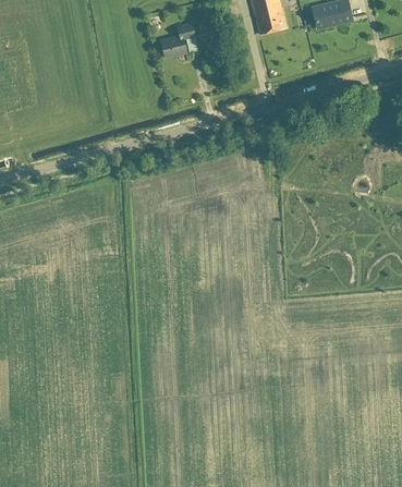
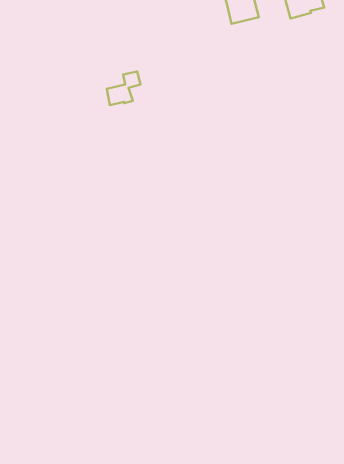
building: [161,23,195,57] -> [107,71,141,105]

